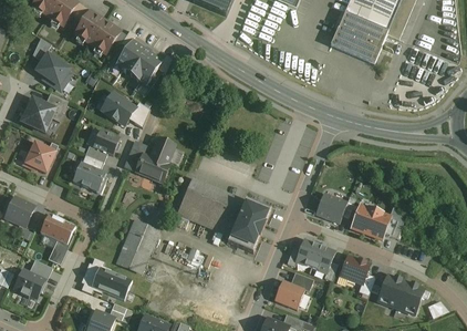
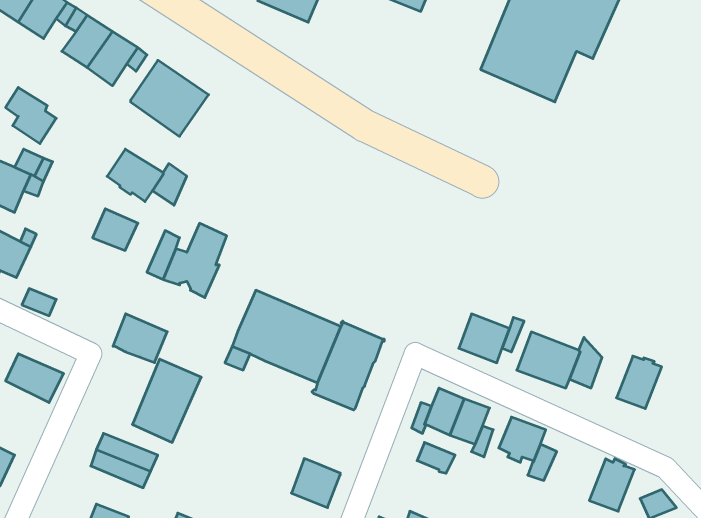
building: [72,161,105,190] -> [113,314,167,363]
building: [377,275,405,307] -> [616,356,662,409]
building: [273,279,303,309] -> [291,459,340,508]

